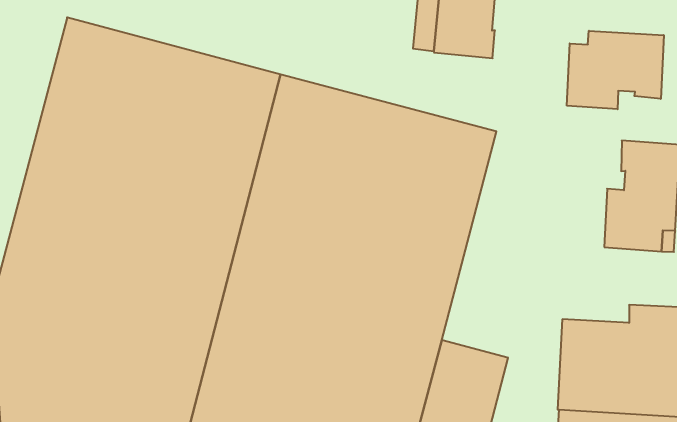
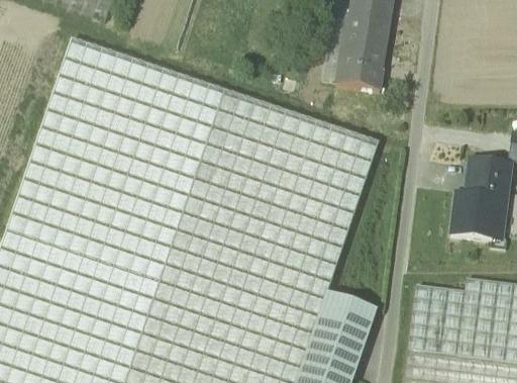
building: [567,31,664,109] -> none

